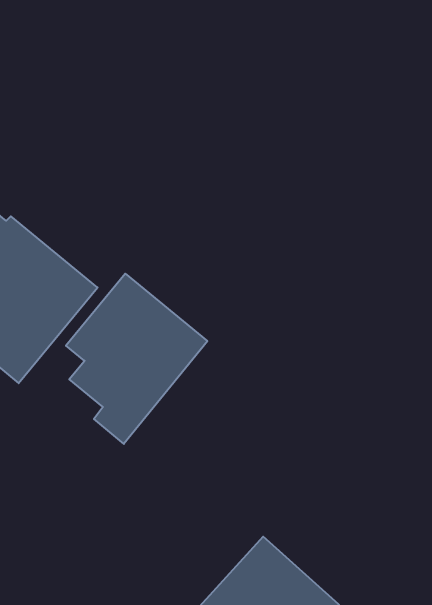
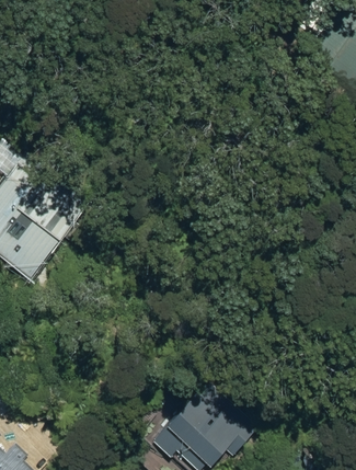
building: [66,274,207,444] -> none

